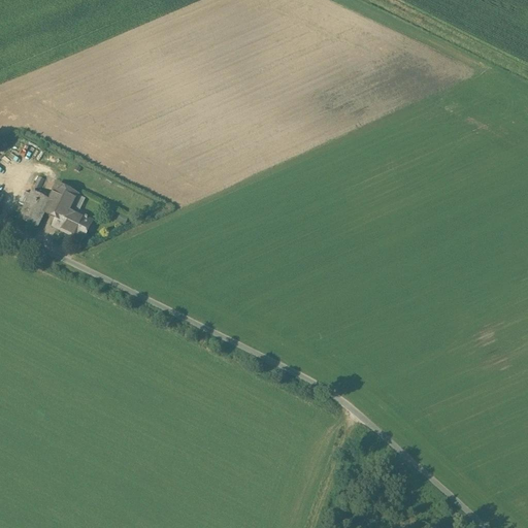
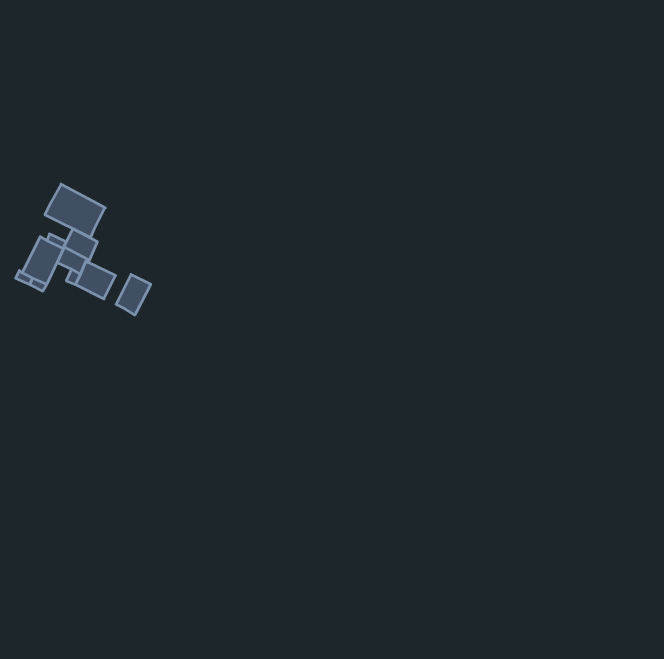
building: none -> [45,184,105,238]
building: none -> [116,274,151,315]

